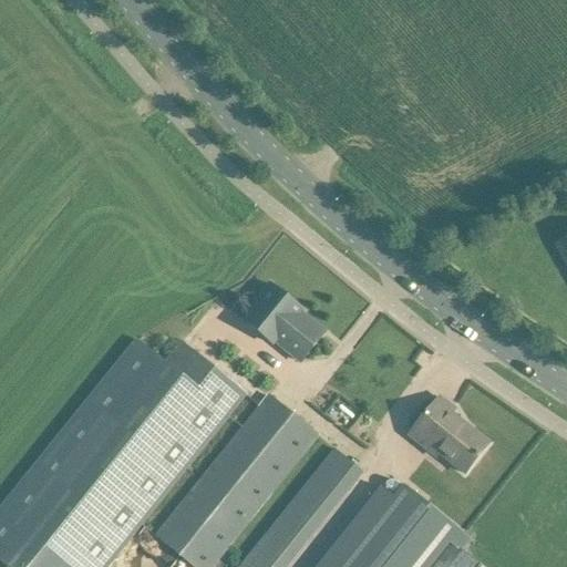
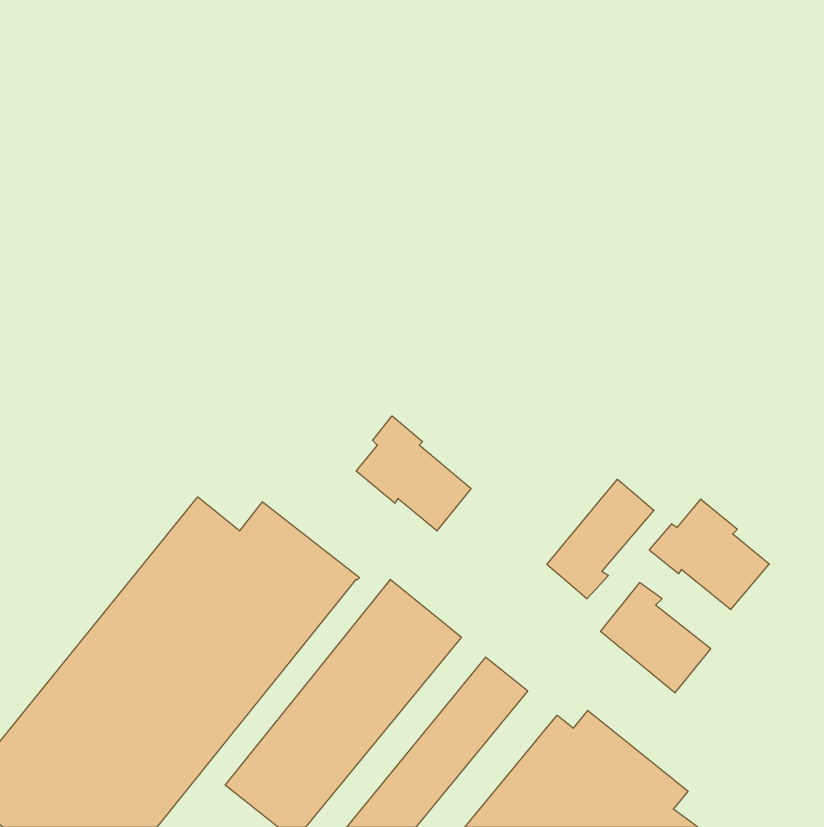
building: none -> [547,479,654,599]
building: none -> [649,499,769,610]

